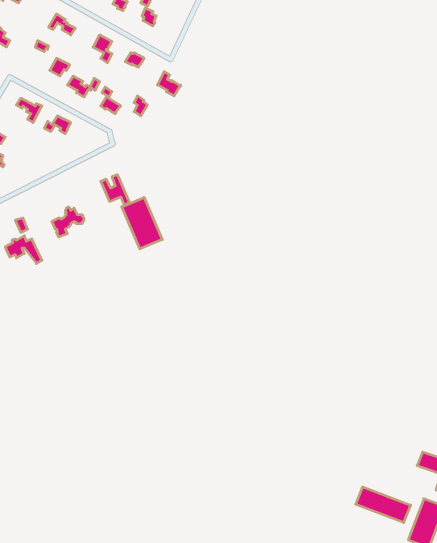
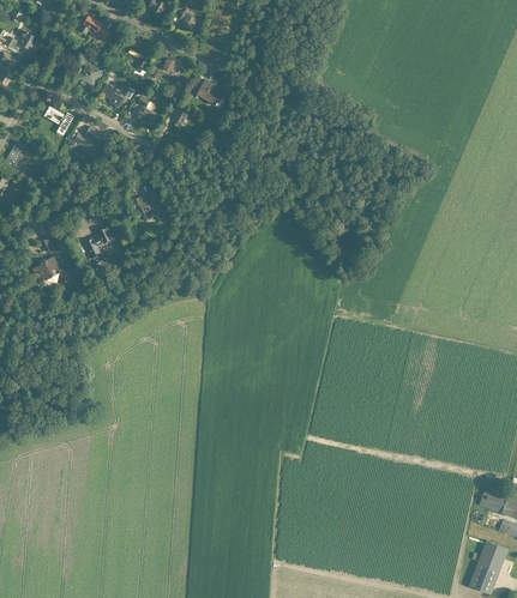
building: [122,197,162,249] -> none
building: [356,487,411,523] -> none

